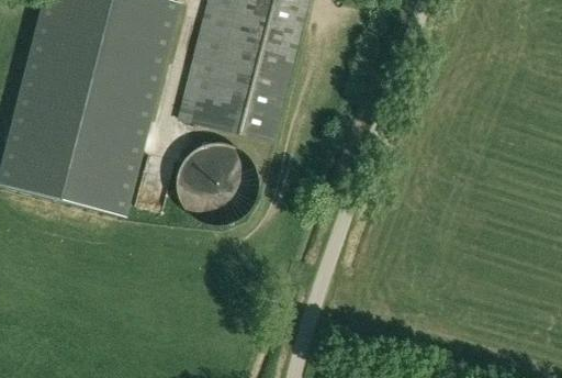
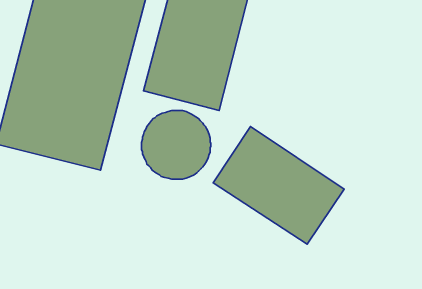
building: none -> [213,127,344,244]

